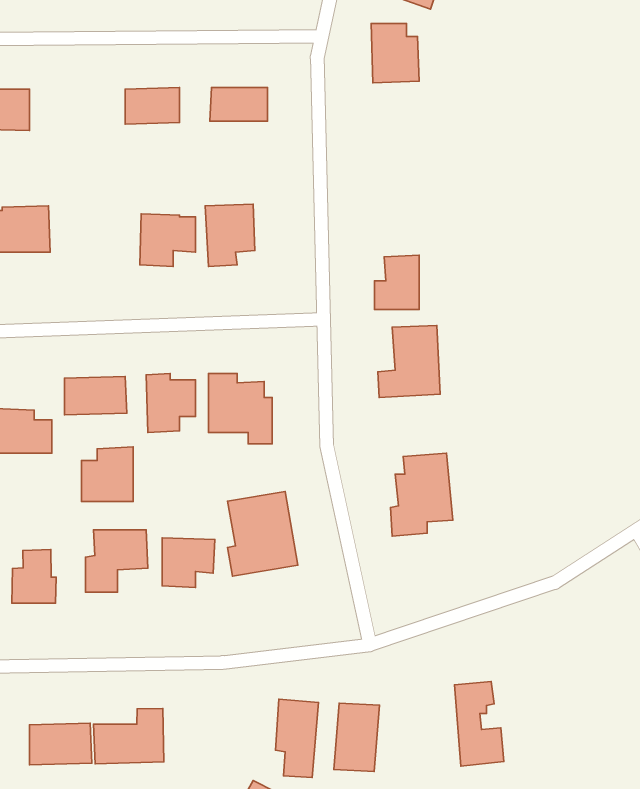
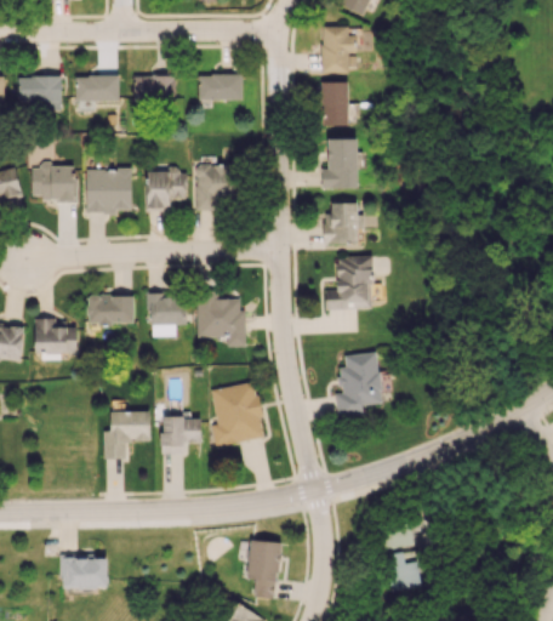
building: none -> [75,75,119,102]
building: none -> [321,81,348,126]
building: none -> [321,138,358,189]
building: none -> [85,170,132,213]
building: [81,447,133,501] -> none
building: [12,549,56,603] -> none
building: [334,703,379,771] -> none
building: [94,708,164,764] -> none

